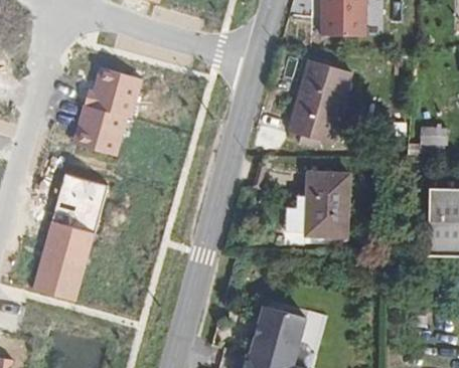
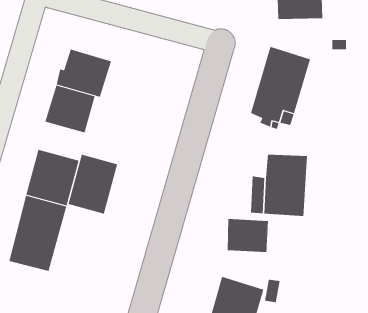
building: none -> [68,154,118,214]
building: none -> [227,218,268,253]

